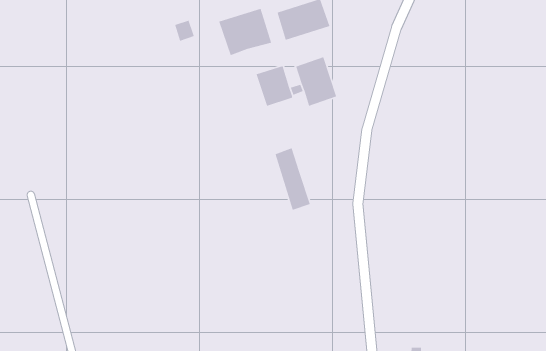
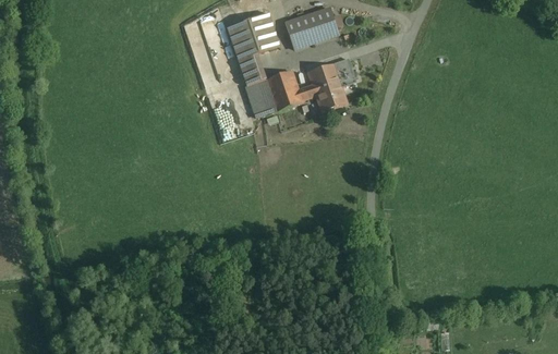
building: [275,147,311,211] -> [239,54,275,118]

